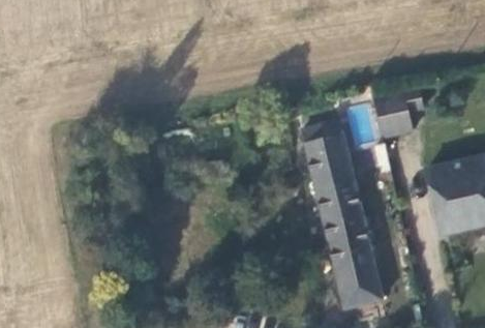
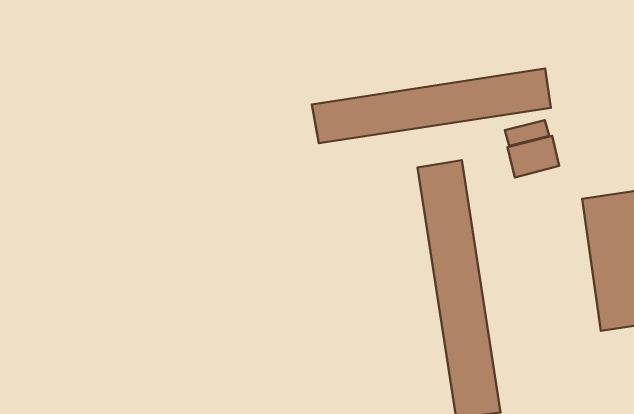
building: none -> [312,69,551,143]

